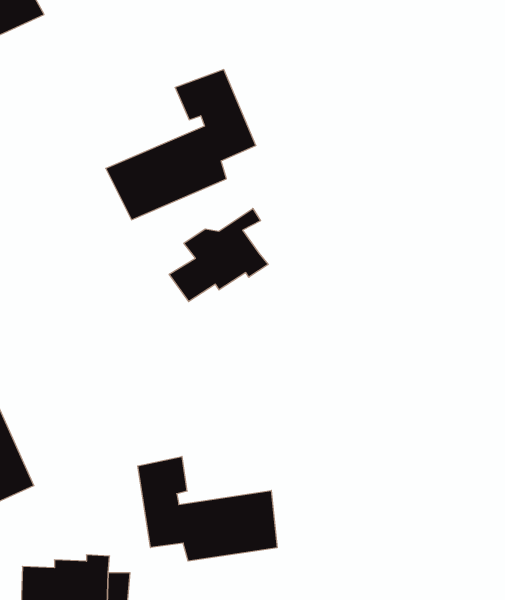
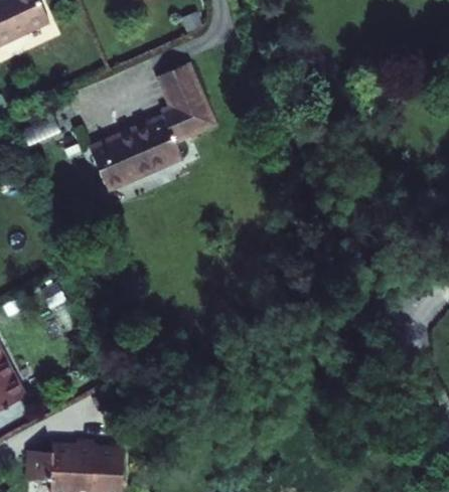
building: [169,208,268,302] -> none
building: [138,456,277,561] -> none

